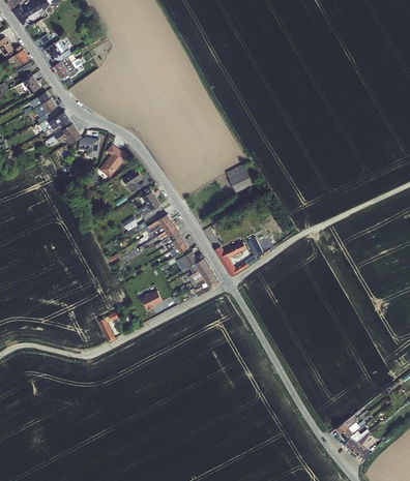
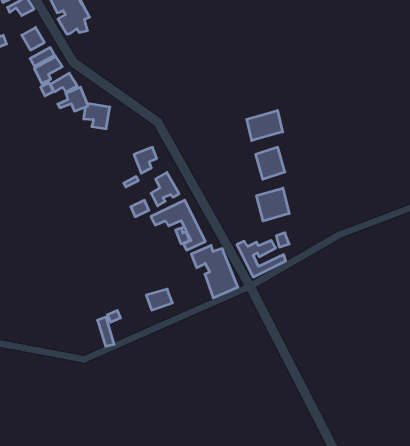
building: none -> [247,110,283,141]
building: [99,144,127,178] -> none
building: none -> [257,188,289,221]

